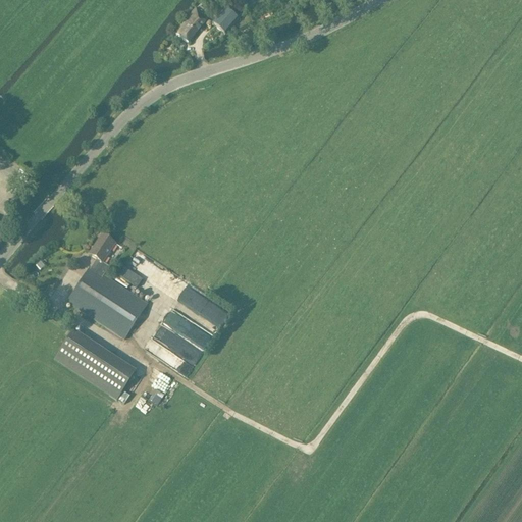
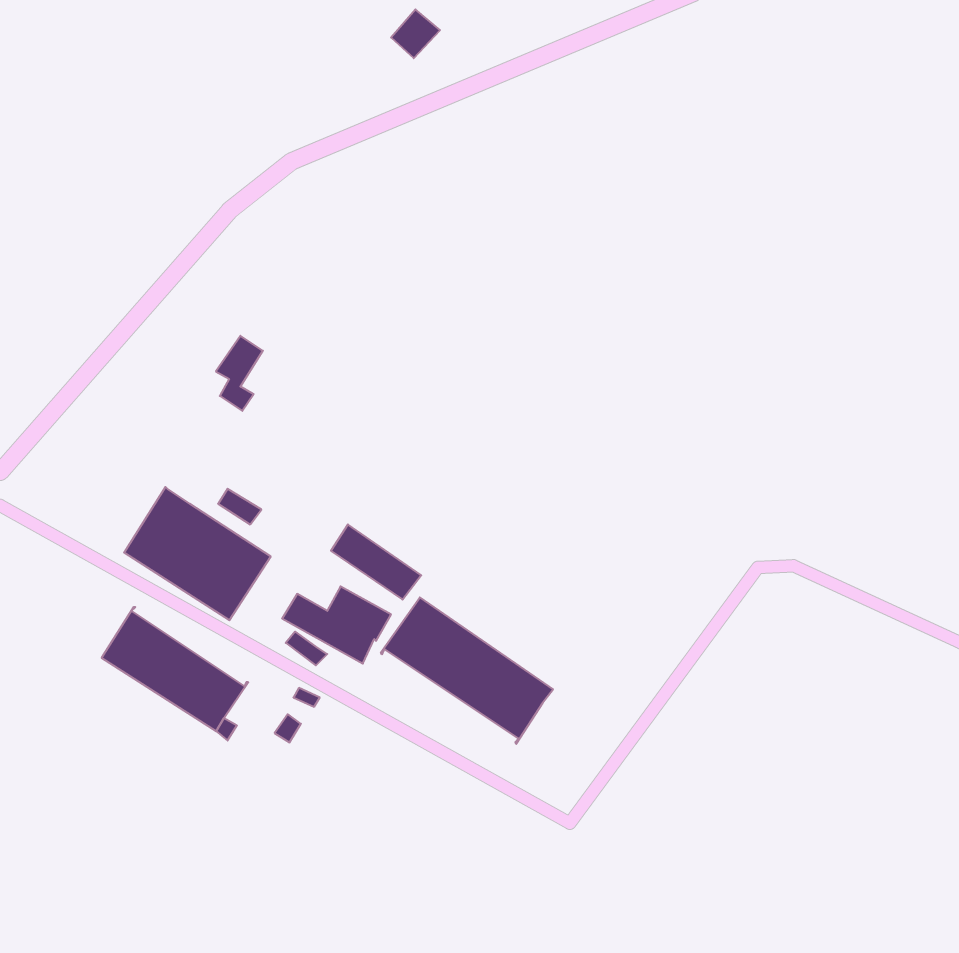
building: [175,5,209,40] -> none
building: [90,232,115,273] -> [216,336,263,411]
building: none -> [381,597,553,744]

